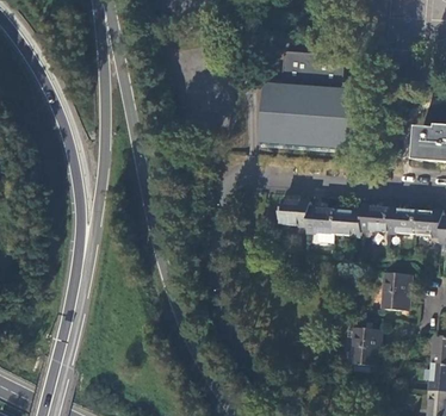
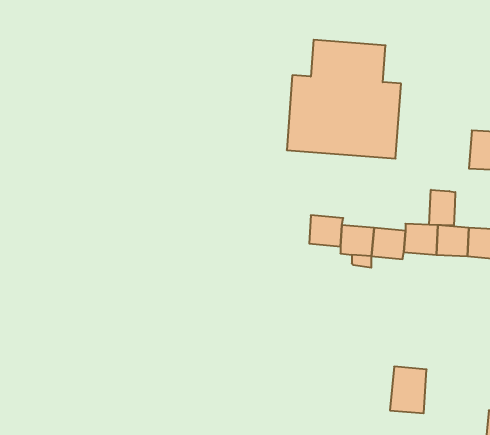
building: none -> [429,190,455,226]
building: [378,272,409,310] -> none

